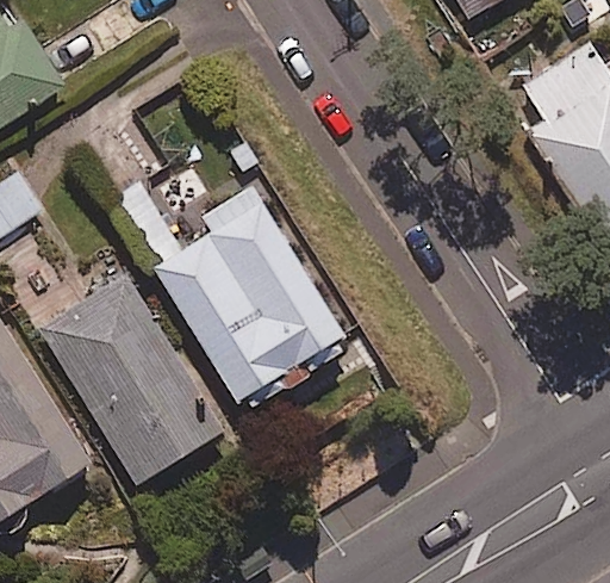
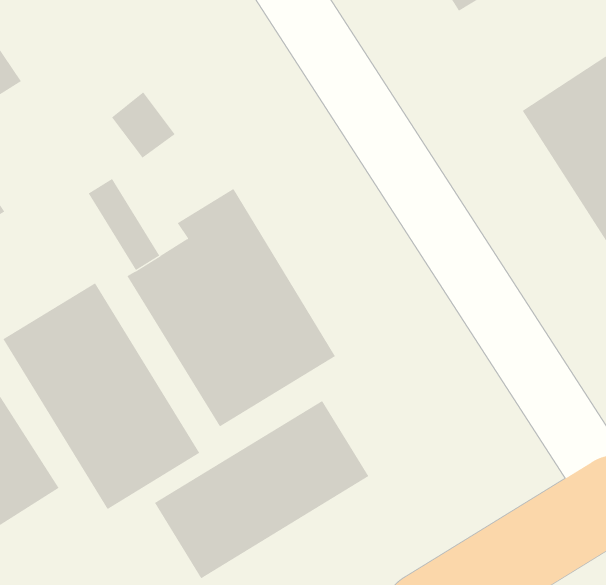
building: none -> [154,400,369,579]

